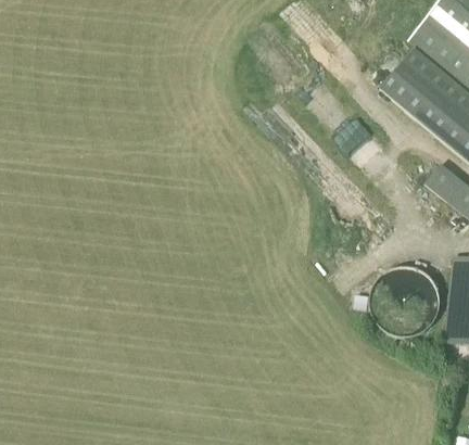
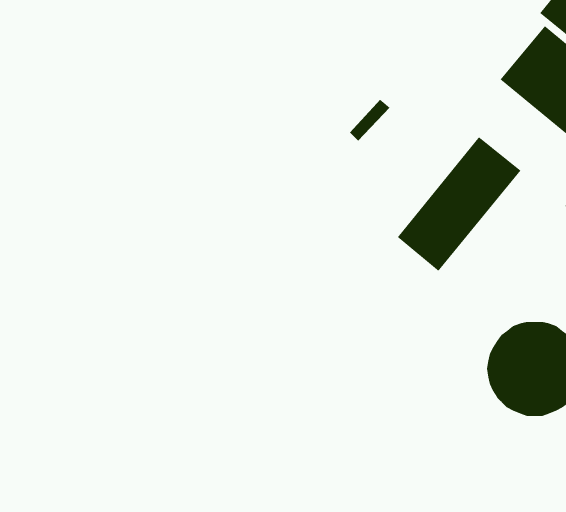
building: none -> [397,136,522,272]

